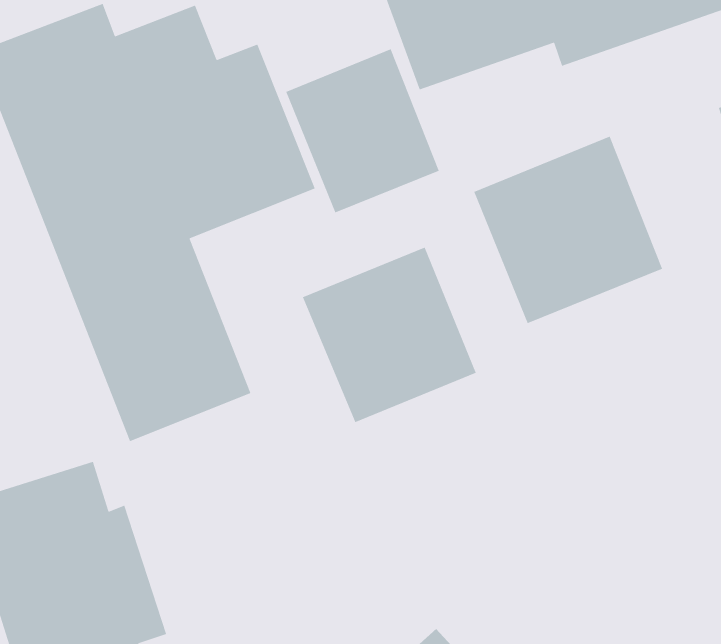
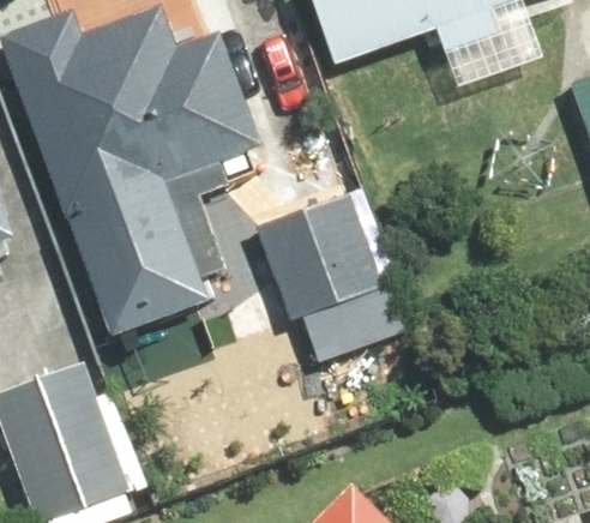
building: [285,48,440,214] -> none
building: [473,135,663,324] -> none

